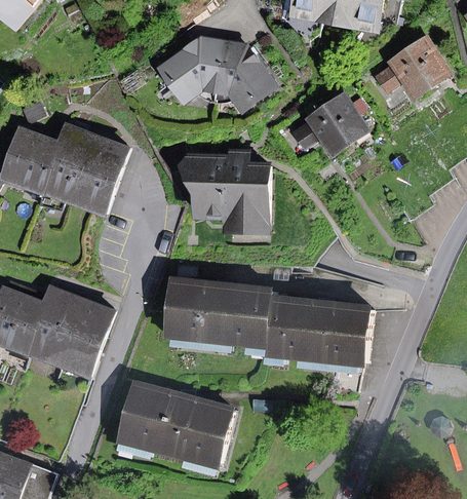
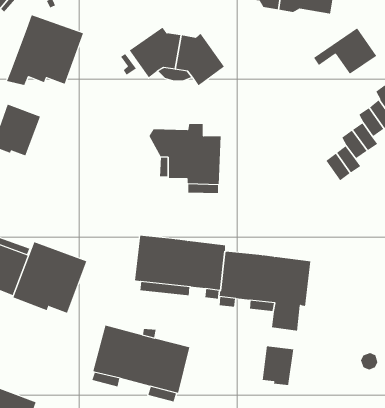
building: [290,95,364,151] -> none
building: [36,124,125,206] -> [6,14,84,86]
building: none -> [262,345,294,386]

